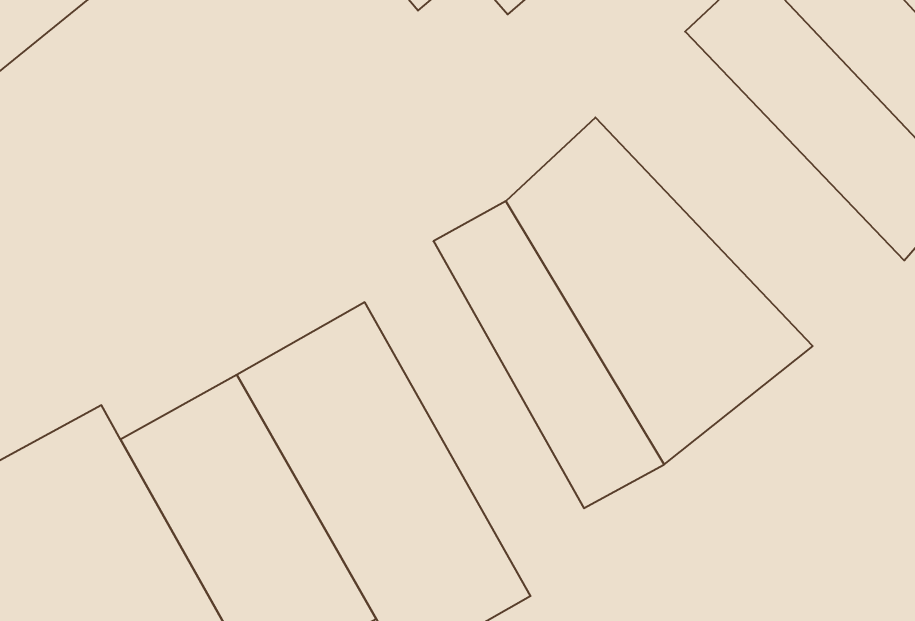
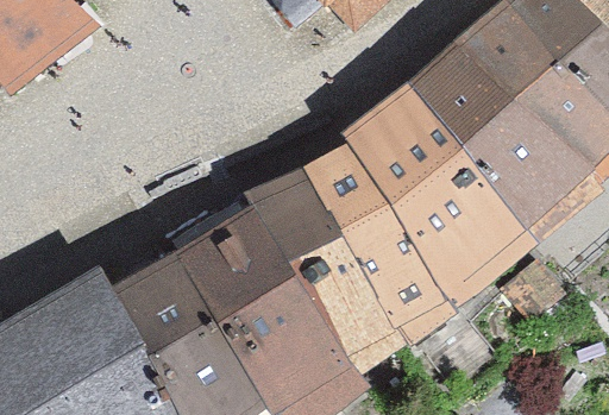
building: none -> [407,39,599,235]
building: none -> [257,170,400,364]

